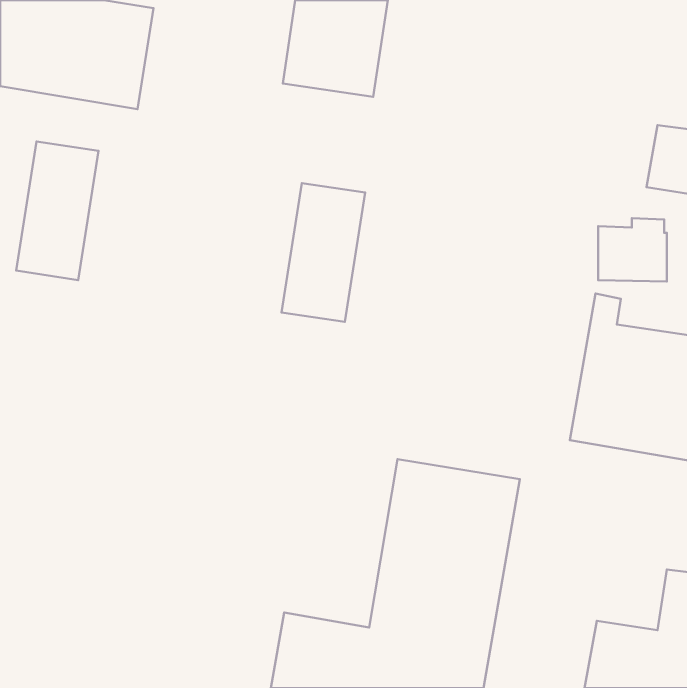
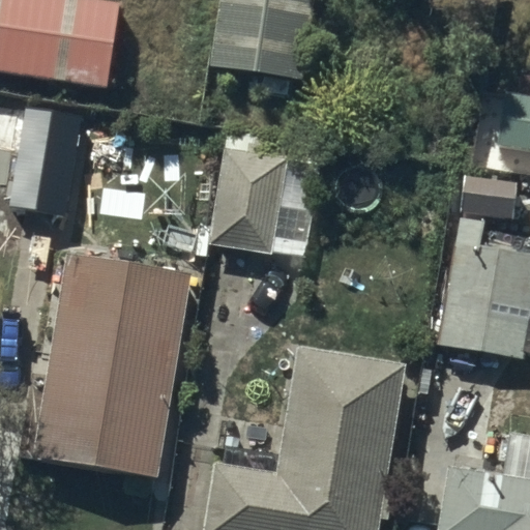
building: none -> [41,260,183,473]

